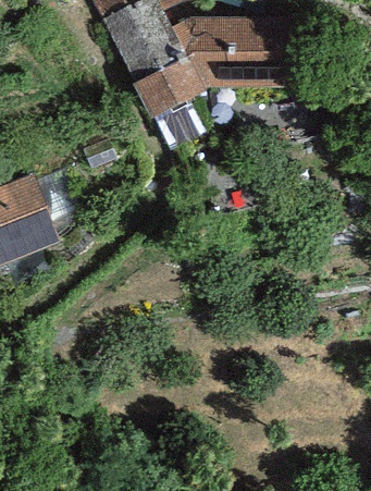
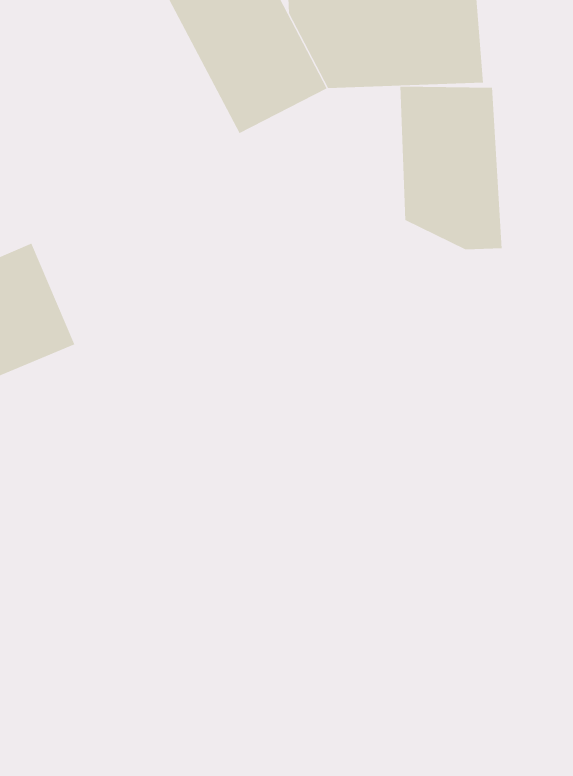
building: none -> [400,86,502,250]

